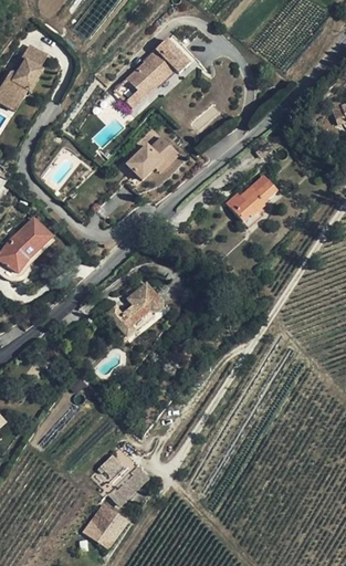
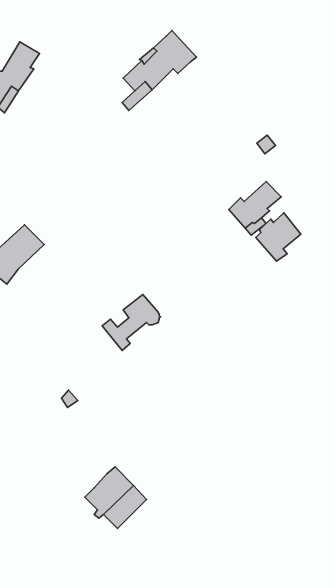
building: [124,136,178,189] -> none
building: none -> [256,213,301,261]
building: [82,502,128,549] -> none

